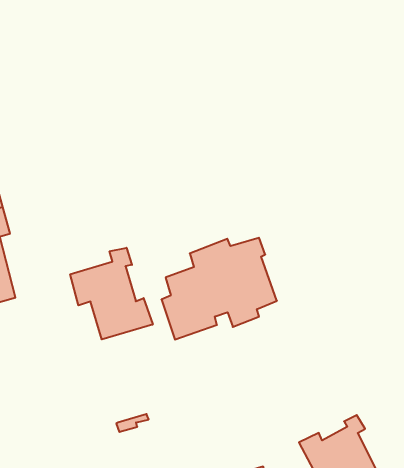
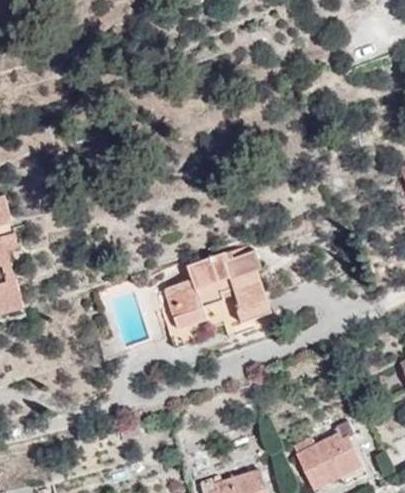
building: [70,248,153,339] -> none

